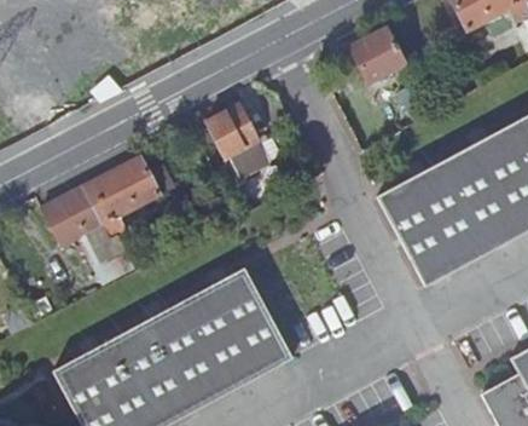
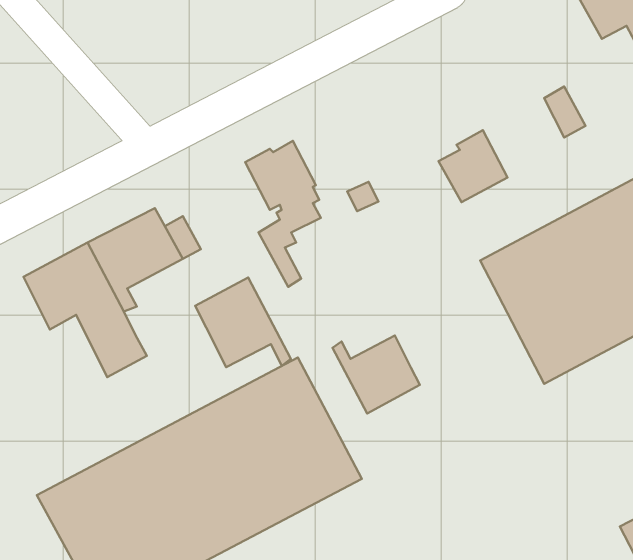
building: [352,30,402,84] -> [438,130,507,202]
building: none -> [195,277,291,367]
building: none -> [333,336,420,413]

